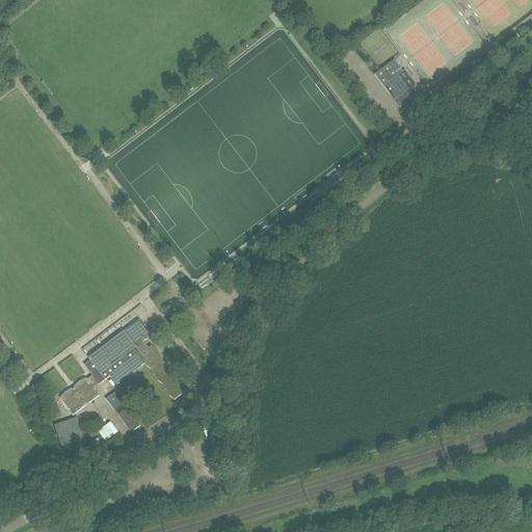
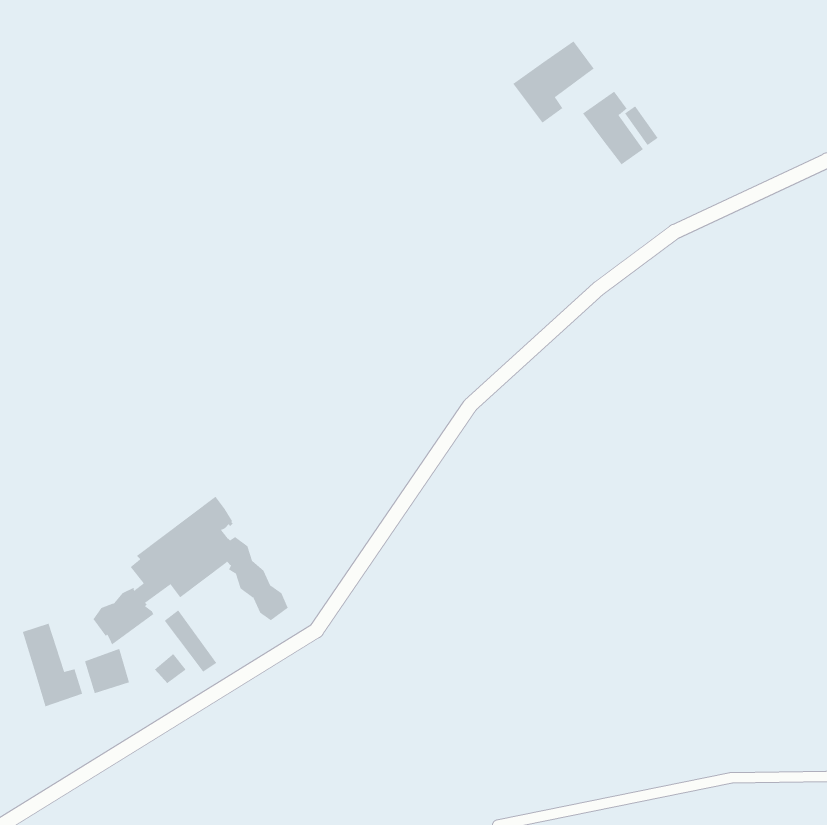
building: none -> [512,40,595,123]
building: none -> [22,623,83,707]

